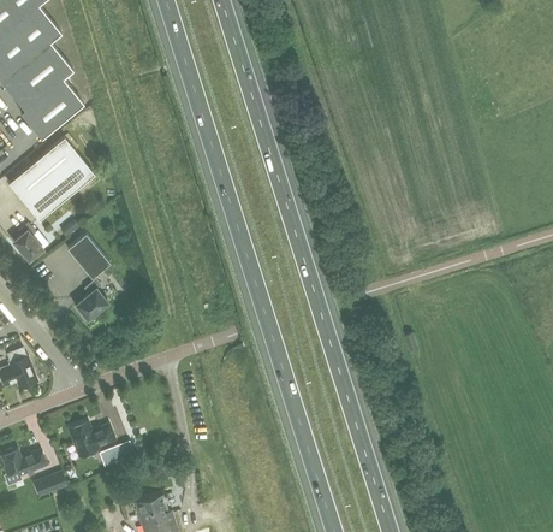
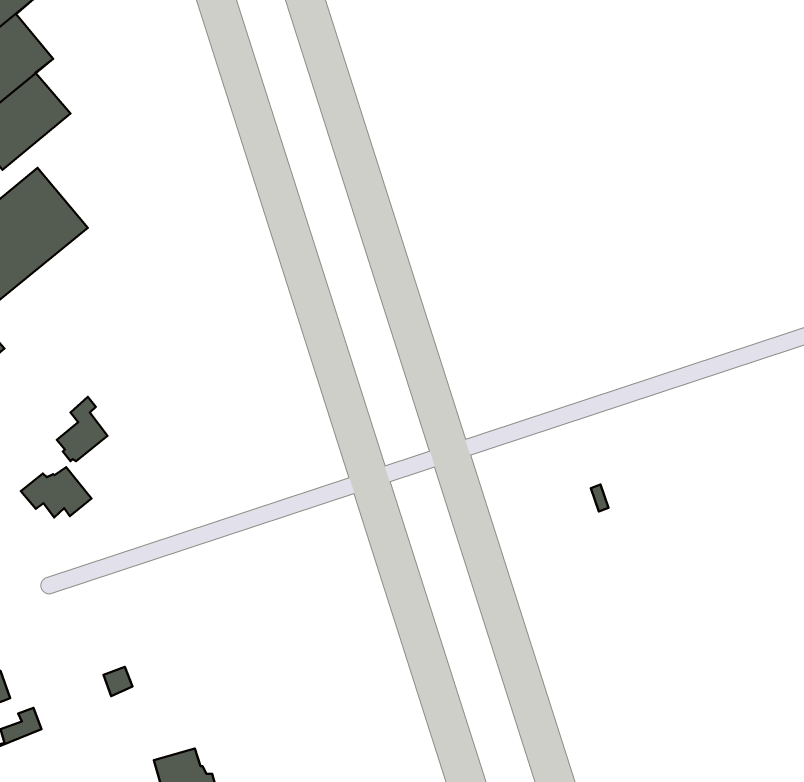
building: [66,234,111,279] -> none
building: none -> [21,467,91,517]
building: [69,422,115,459] -> none

